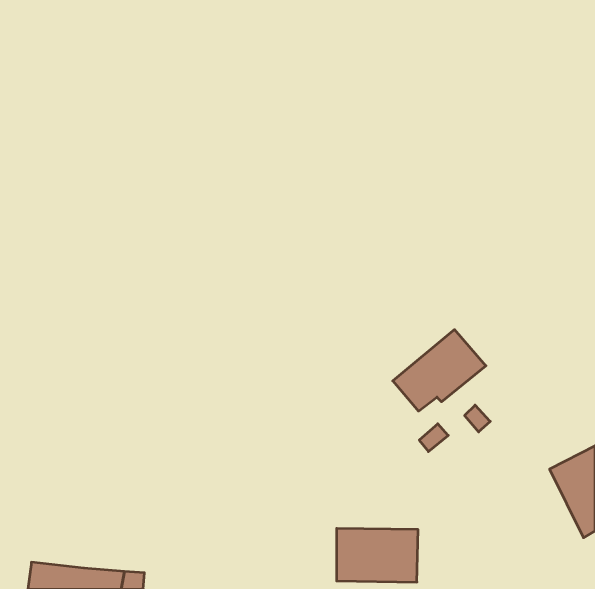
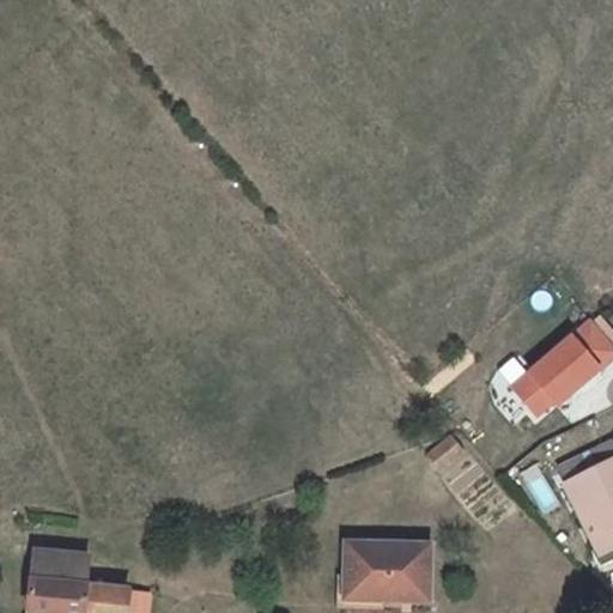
building: [393,330,486,411] -> [511,329,607,413]
building: none -> [32,552,90,584]

